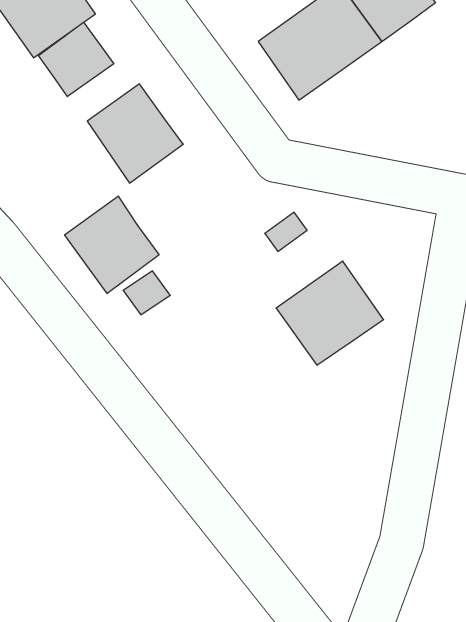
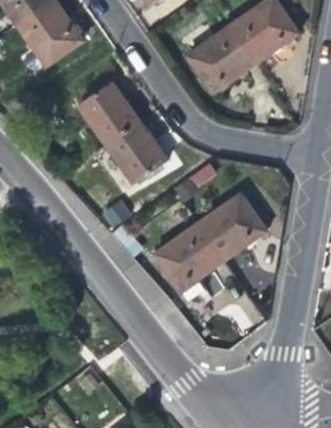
building: [39,22,114,97] -> none
building: [65,196,159,294] -> [106,120,165,181]
building: none -> [155,223,223,301]

